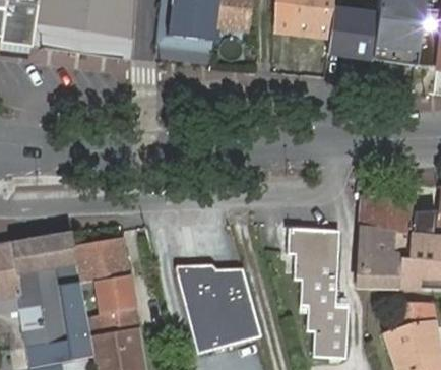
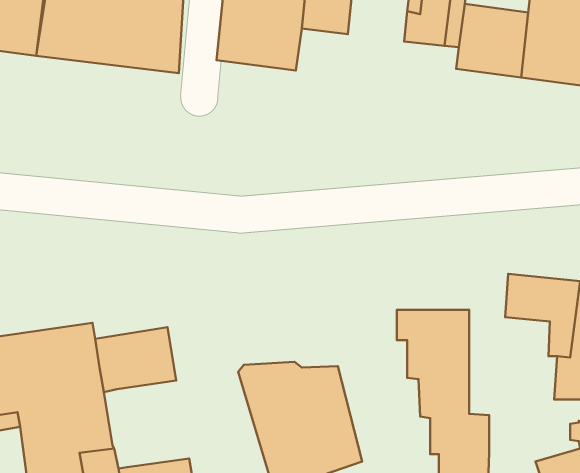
building: [357,229,397,287] -> none
building: [87,273,138,334] -> none

